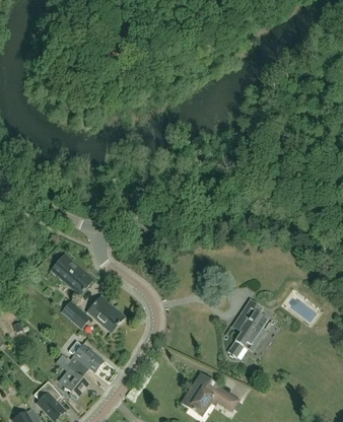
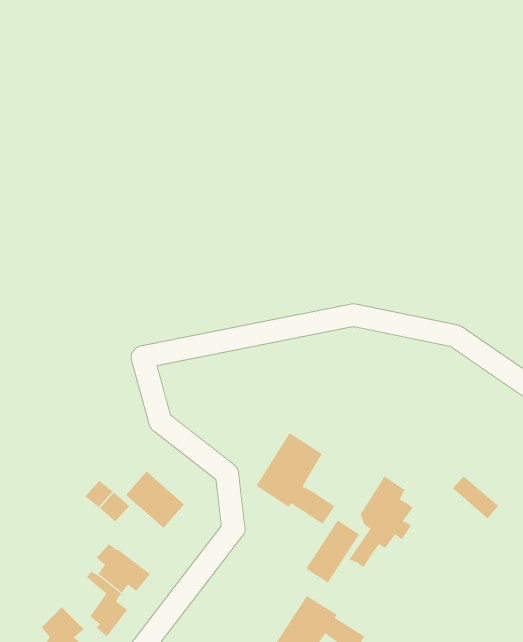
building: [52,254,93,294] -> none
building: none -> [256,432,335,526]
building: none -> [306,520,360,583]

